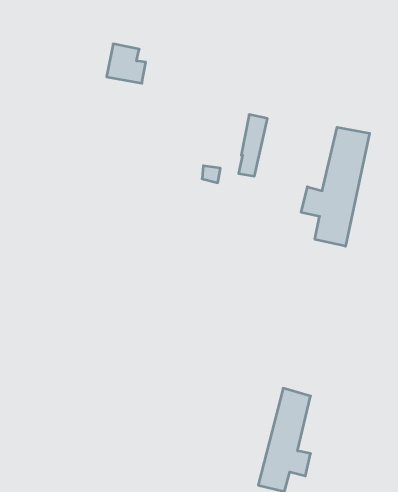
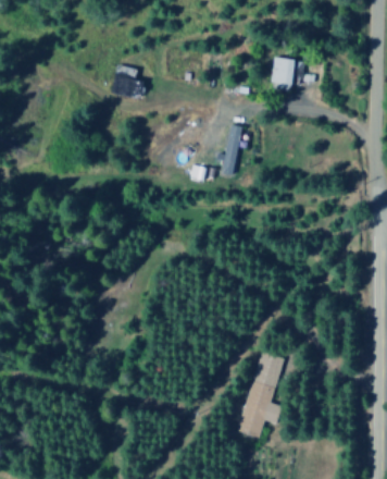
building: none -> [272,59,302,85]
building: [301,127,370,246] -> none

